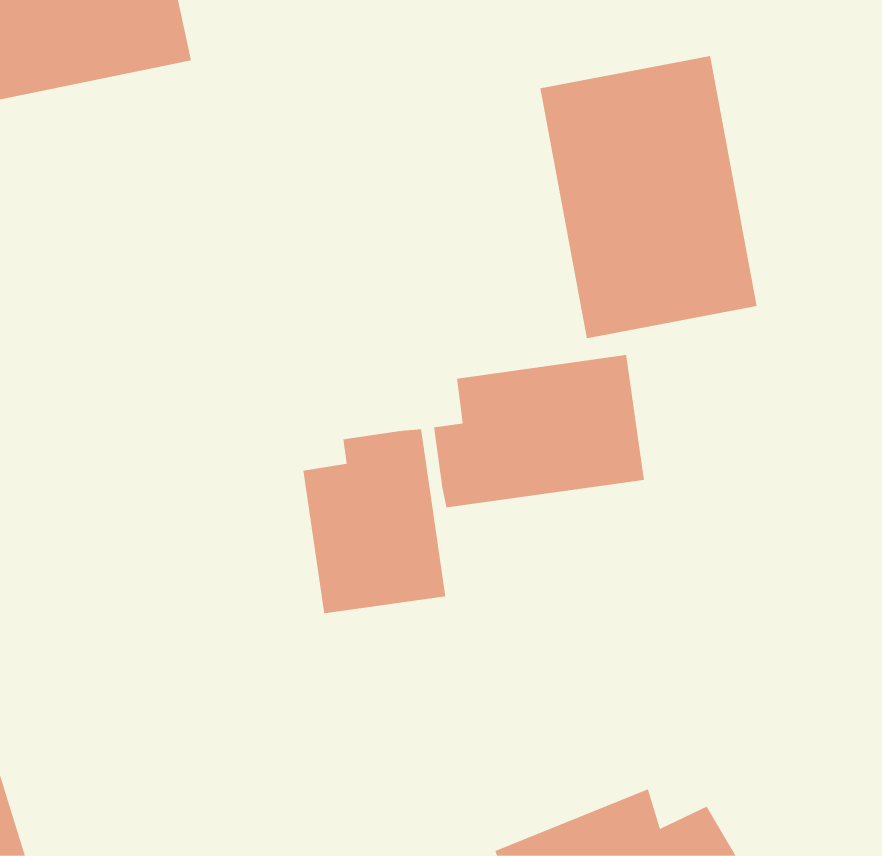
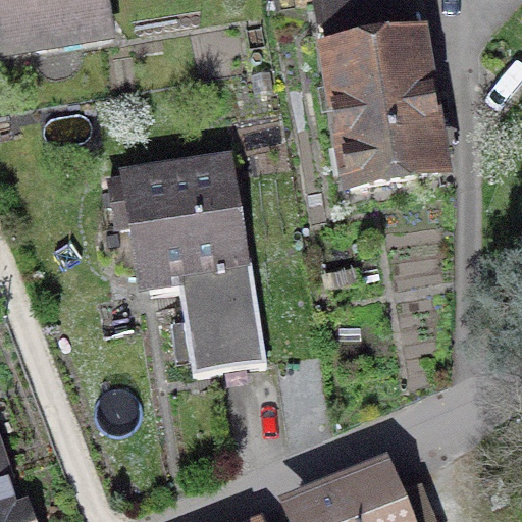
building: none -> [107,157,237,267]
building: [434,354,645,508] -> none

